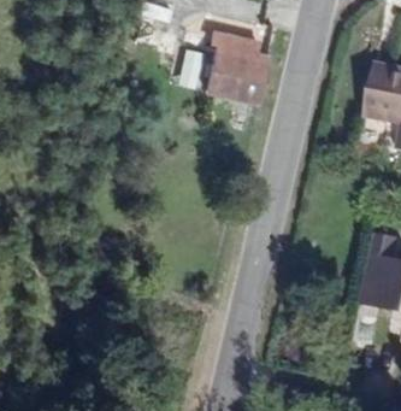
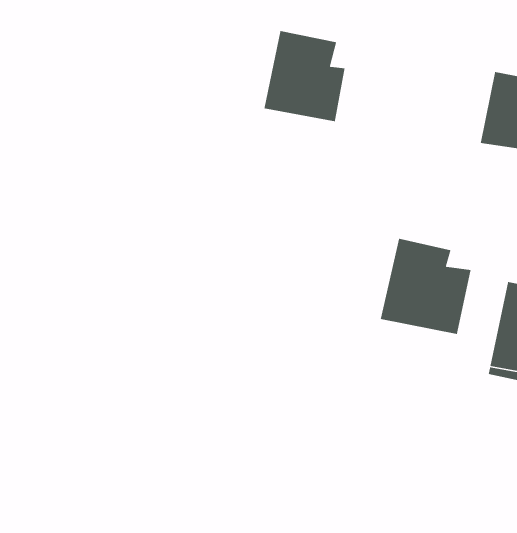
building: none -> [380,238,472,335]

